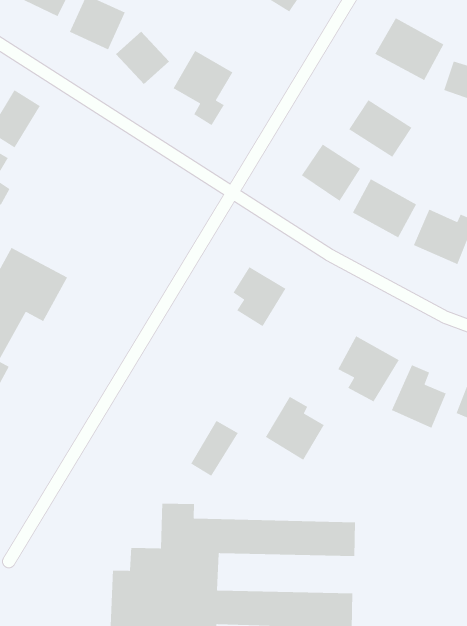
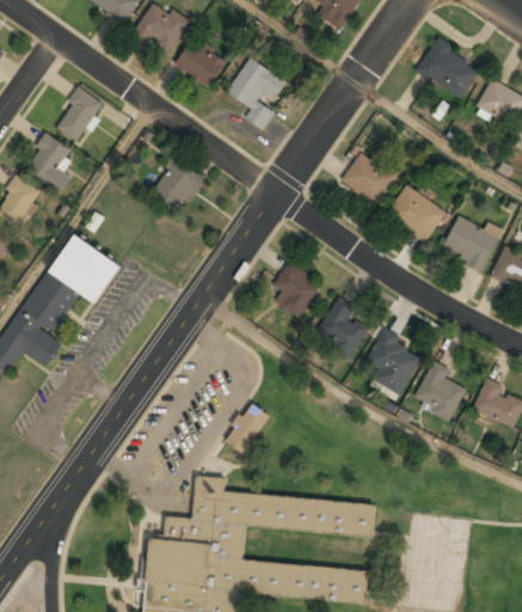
building: [348,99,412,158] -> none
building: none -> [152,158,205,215]
building: [265,396,325,461] -> [315,298,371,359]

